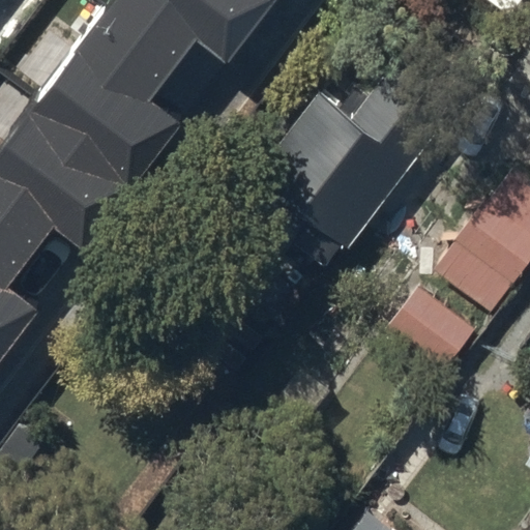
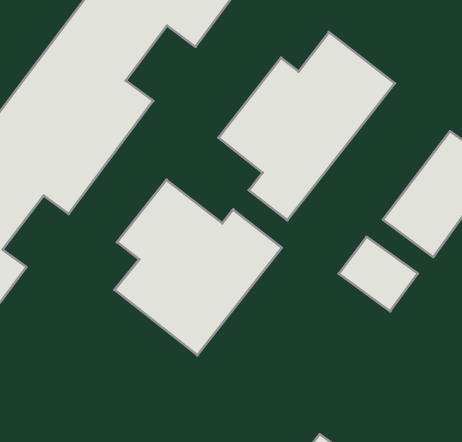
building: none -> [114,180,282,355]

